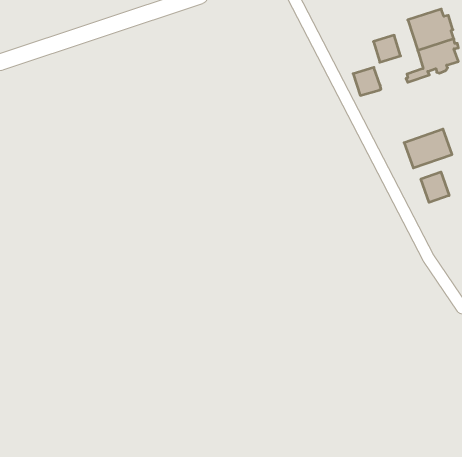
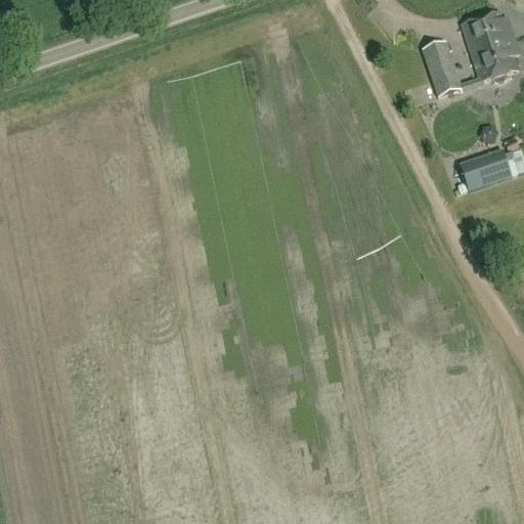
building: [353,67,381,95] -> [430,63,462,95]
building: [421,172,449,202] -> none

